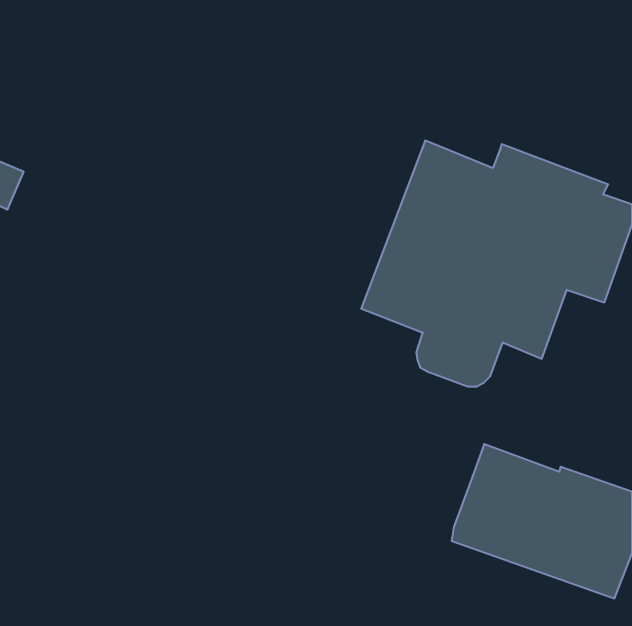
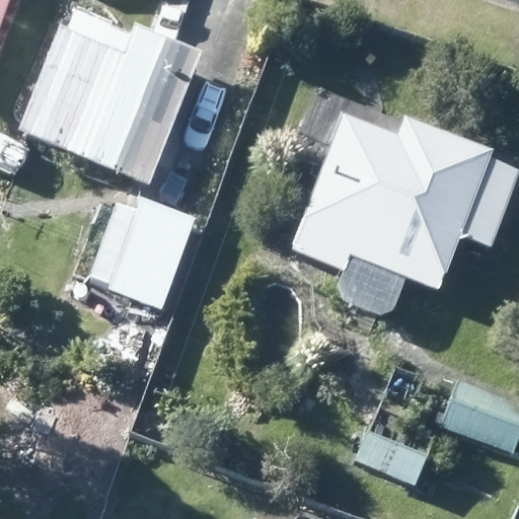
building: none -> [21,29,203,183]
building: none -> [88,199,193,305]

